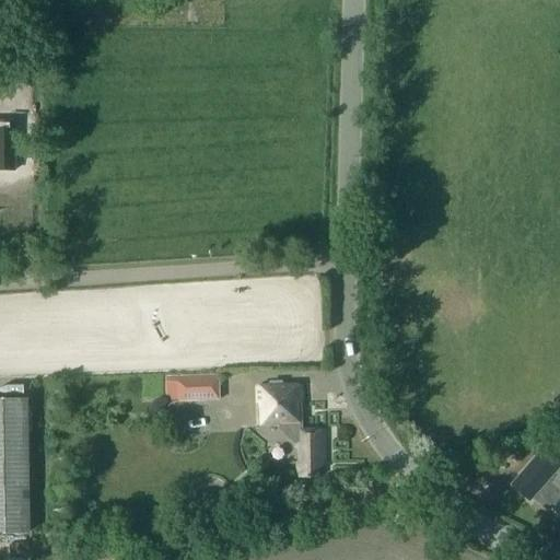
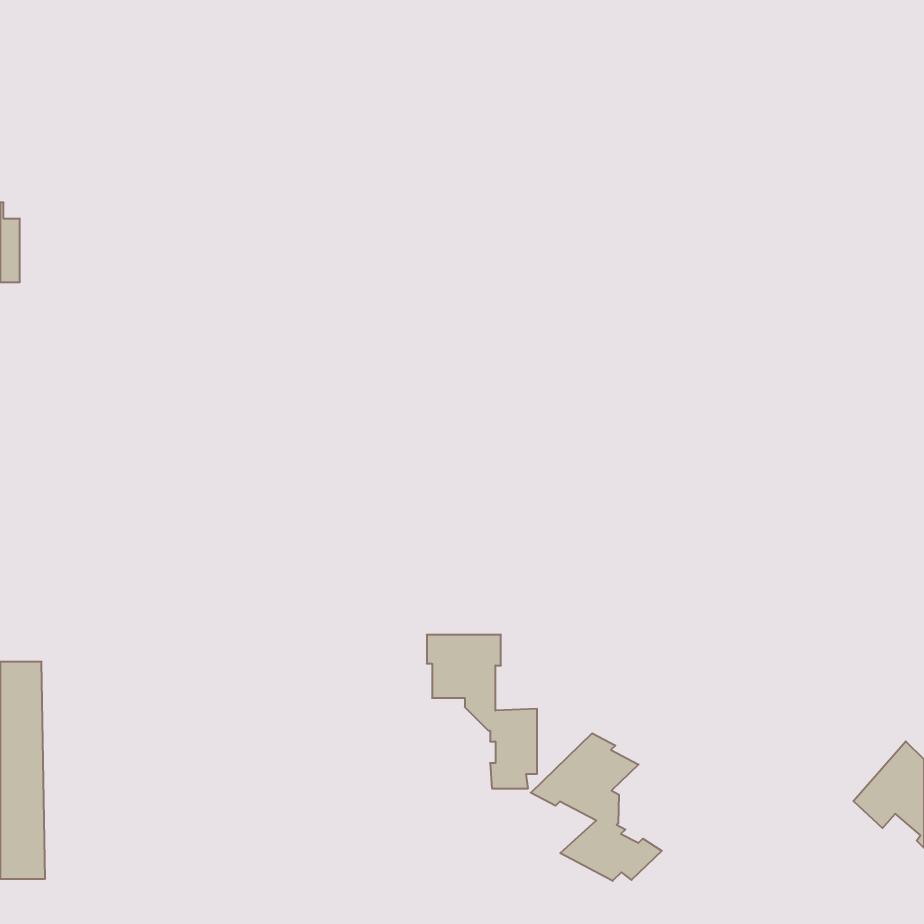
building: [168,375,221,402] -> none
building: none -> [531,733,662,881]

